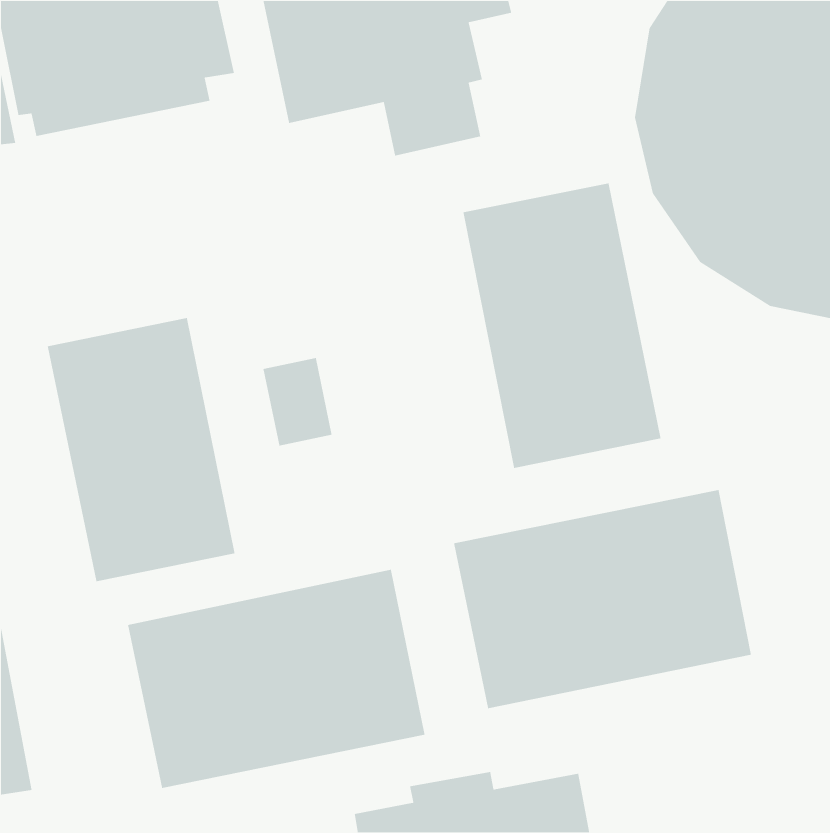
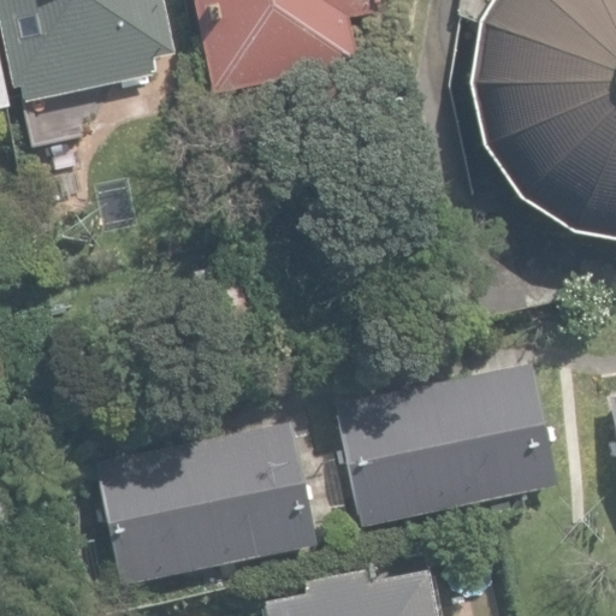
building: [462,182,662,469] -> none
building: [47,317,235,582] -> none

